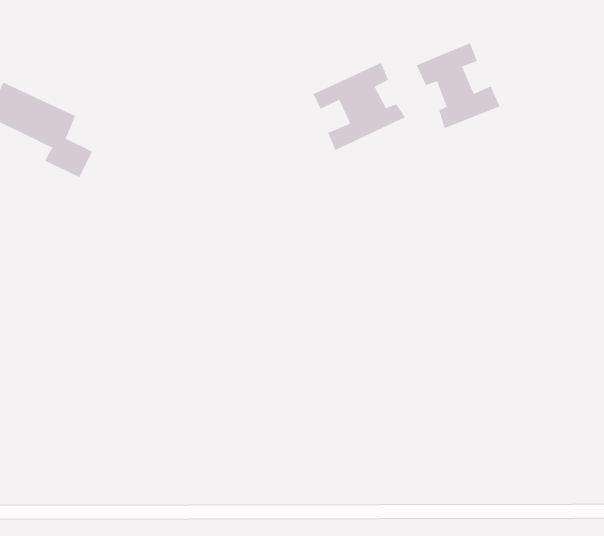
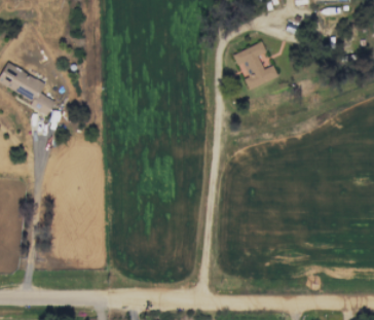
building: [312,62,406,151] -> none

